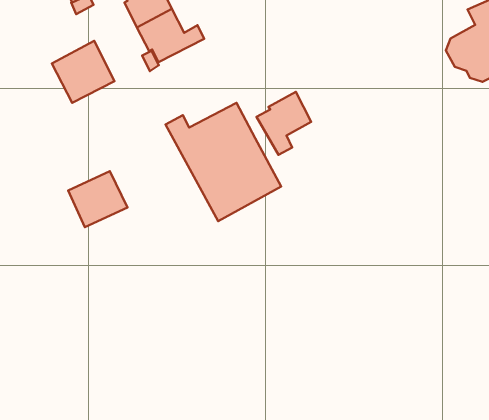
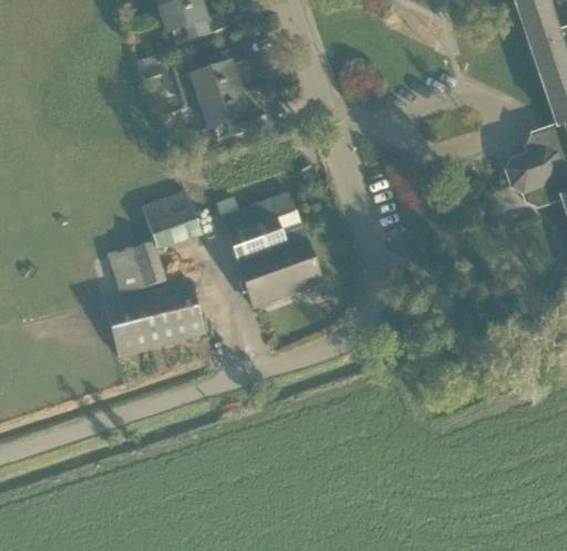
building: [52,41,114,103] -> [142,190,202,249]
building: [256,92,311,155] -> none
building: none -> [105,281,206,356]

